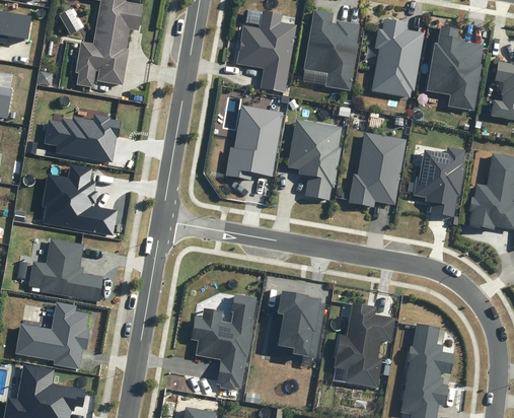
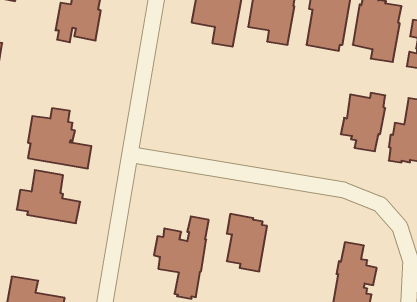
building: [224,106,282,181] -> none
building: [43,114,120,162] -> none
building: [286,119,342,200] -> none
building: [348,132,406,207] -> none
building: [15,302,89,369] -> none
building: [334,302,394,388] -> none

